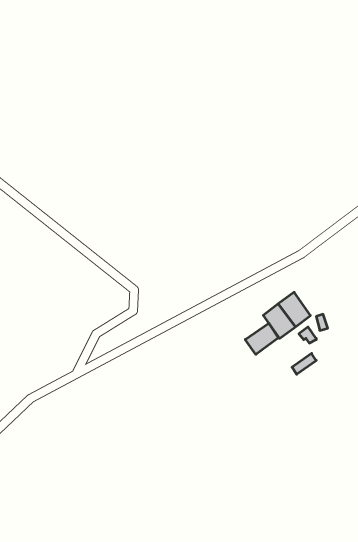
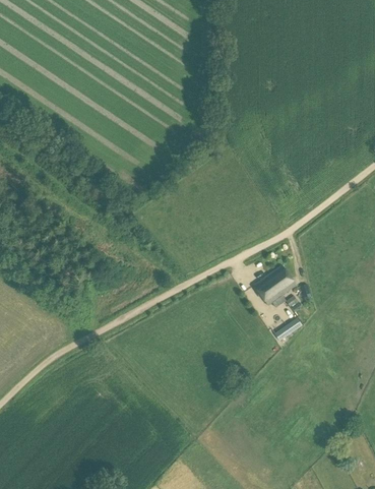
building: [245,323,278,354] -> none

